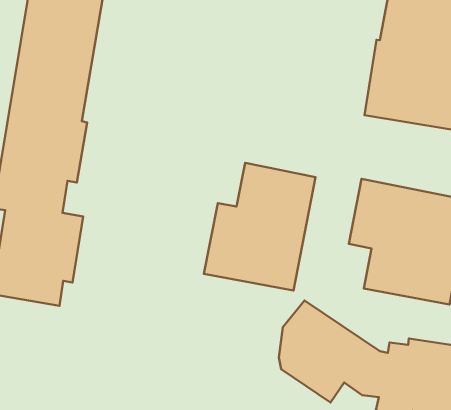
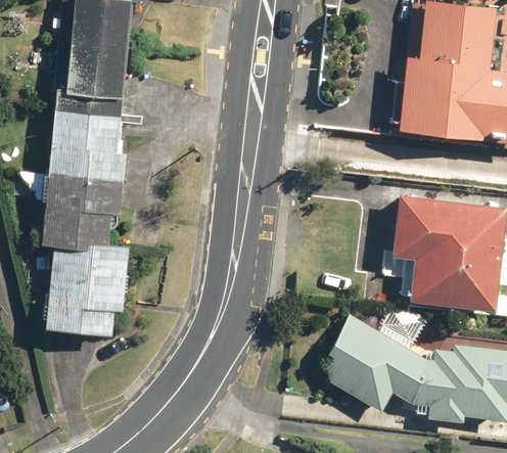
building: [204,163,315,291] -> none

